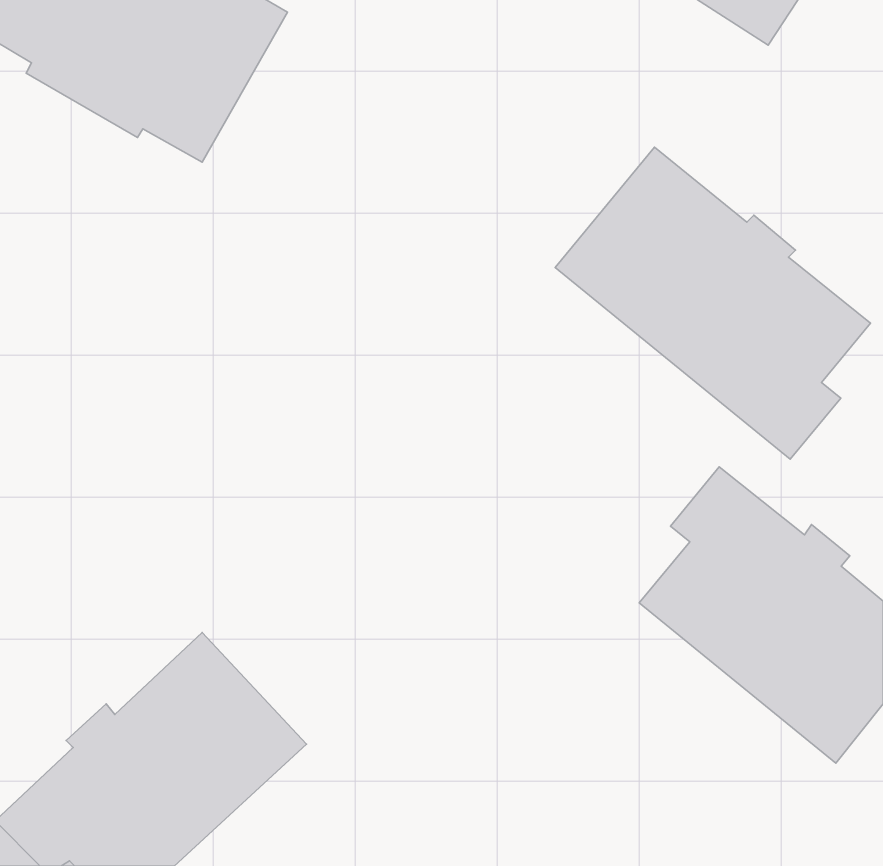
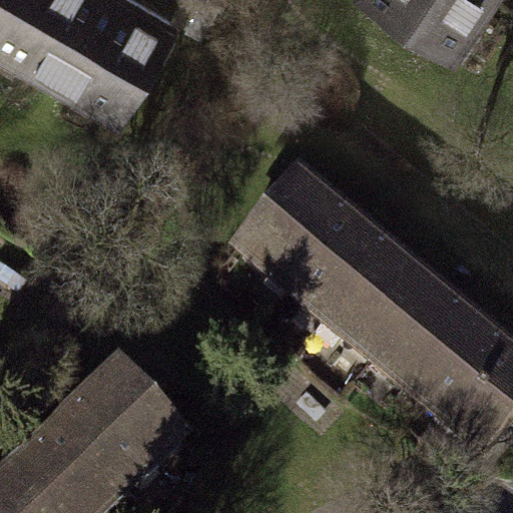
building: [555,147,870,459] -> [232,167,414,347]

